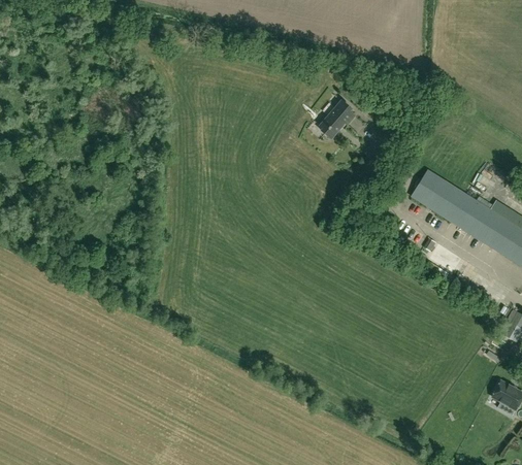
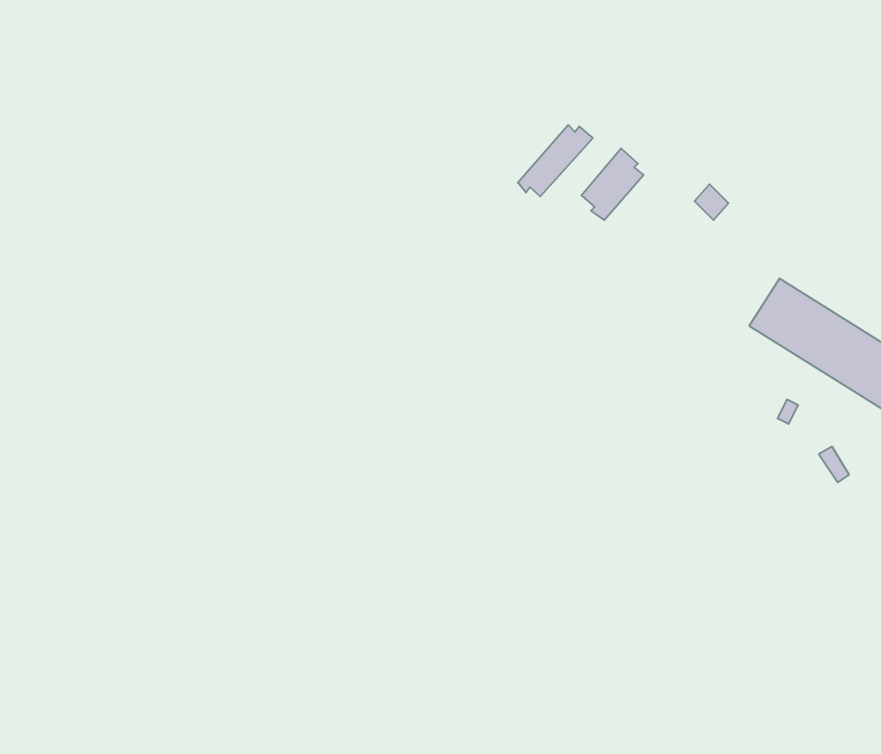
building: none -> [518,125,593,196]

